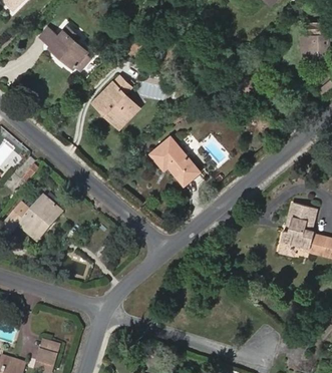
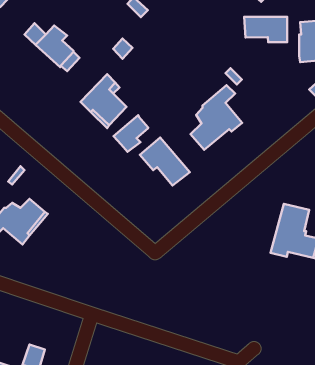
building: none -> [244,17,287,42]
building: none -> [190,85,242,150]
building: none -> [113,115,148,152]

